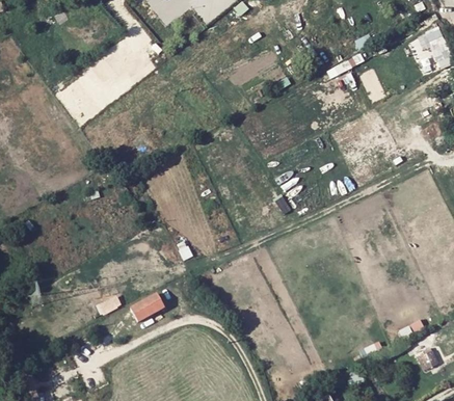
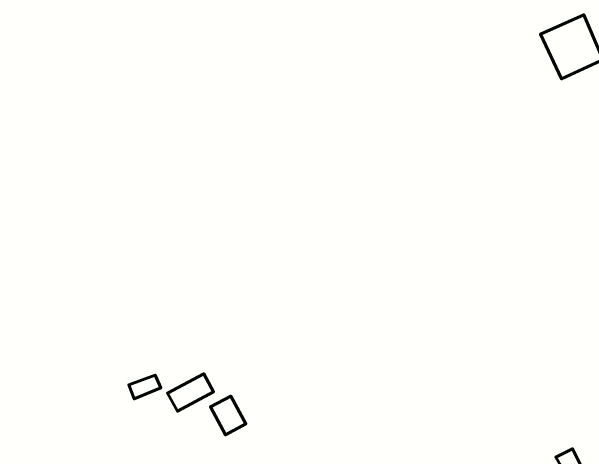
building: none -> [211,396,246,435]

